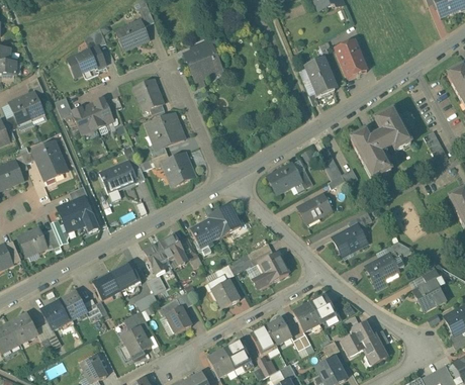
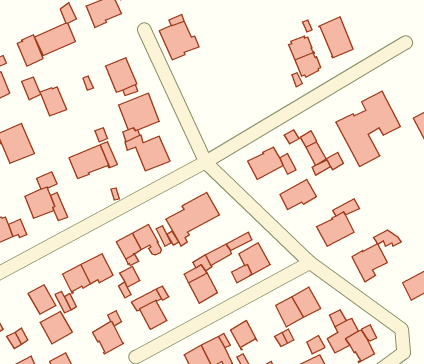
building: [88,98,112,127] -> [17,35,43,66]
building: [41,300,72,330] -> [40,312,72,344]
building: [266,317,291,345] -> none

